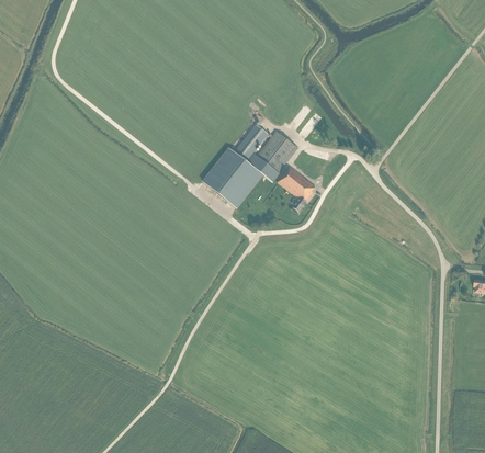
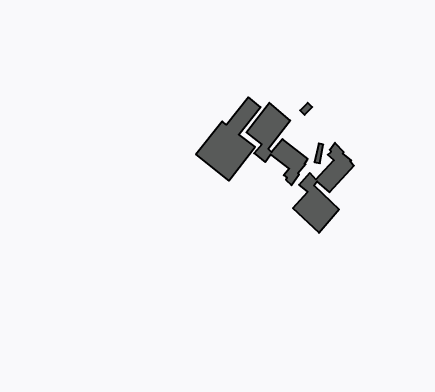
building: none -> [293,143,354,233]

